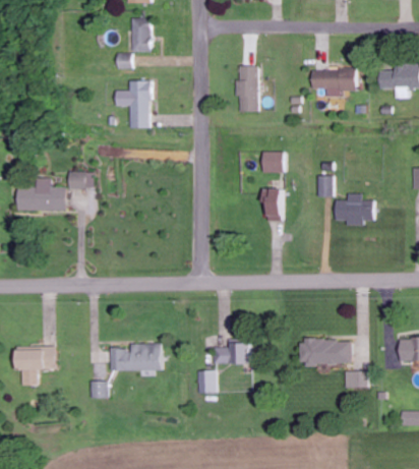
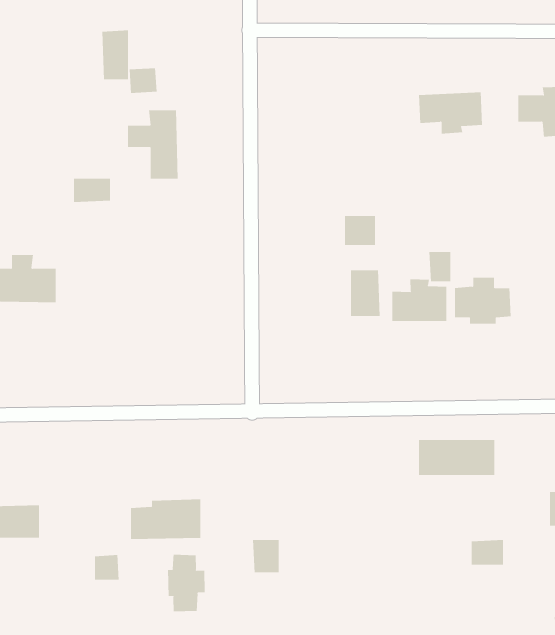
building: [131,17,149,51] -> [102,30,129,80]
building: [235,65,257,112] -> none
building: [68,172,94,188] -> [73,178,111,202]
building: none -> [392,279,447,322]
building: [300,340,352,364] -> [418,439,495,476]
building: [215,342,251,364] -> none
building: none -> [168,554,205,612]

